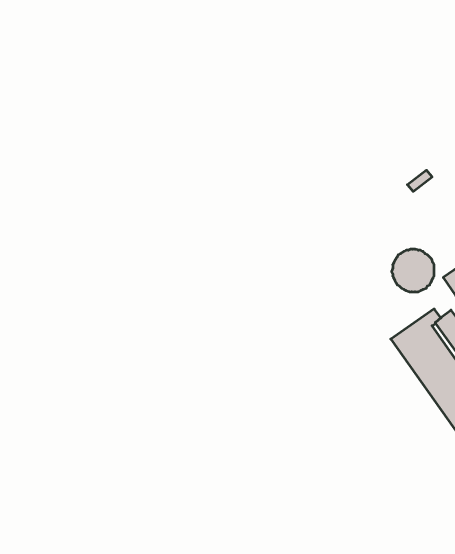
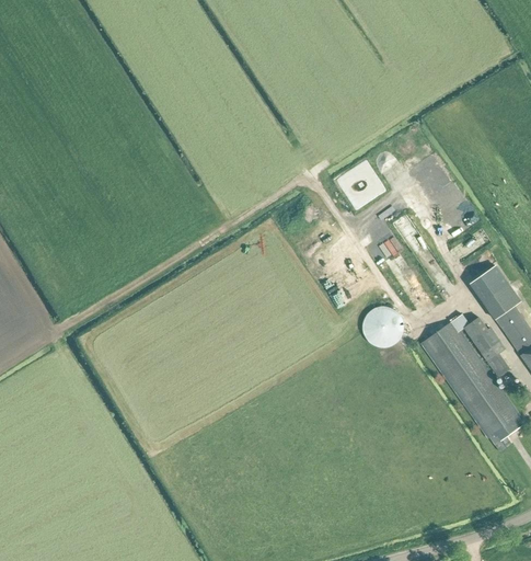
building: [392,249,434,292] -> [360,305,402,346]

